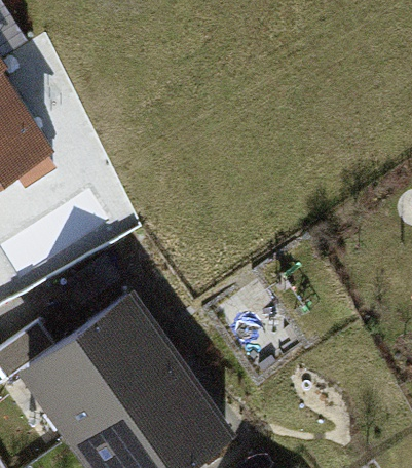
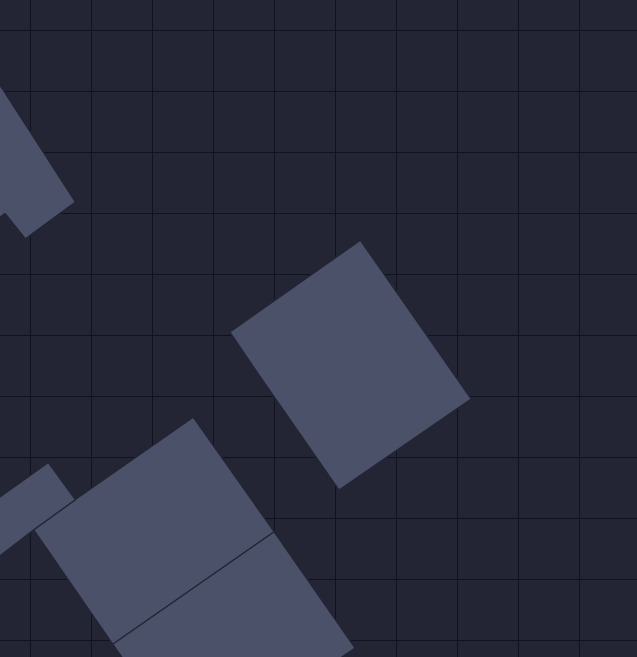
building: none -> [230,240,471,490]

